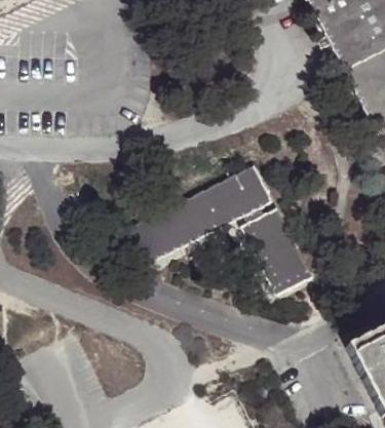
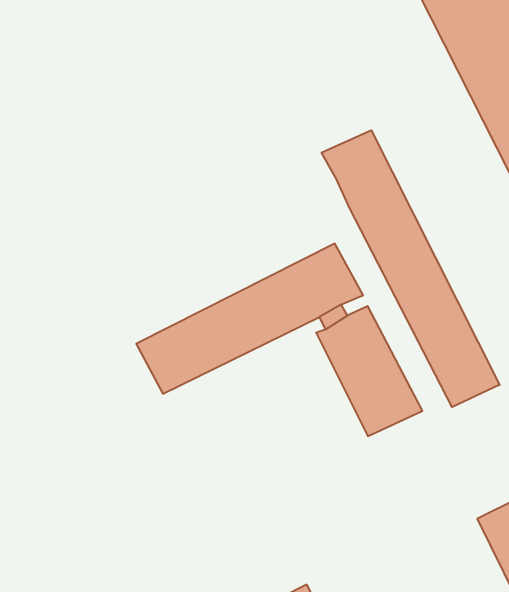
building: none -> [322,130,500,407]

